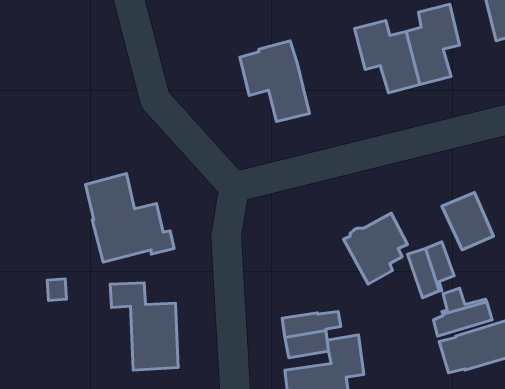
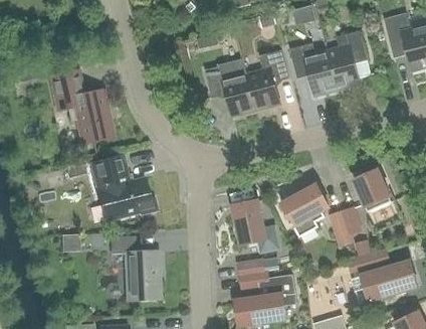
building: none -> [247,49,289,111]
building: none -> [49,70,114,143]
building: none -> [233,200,279,252]

